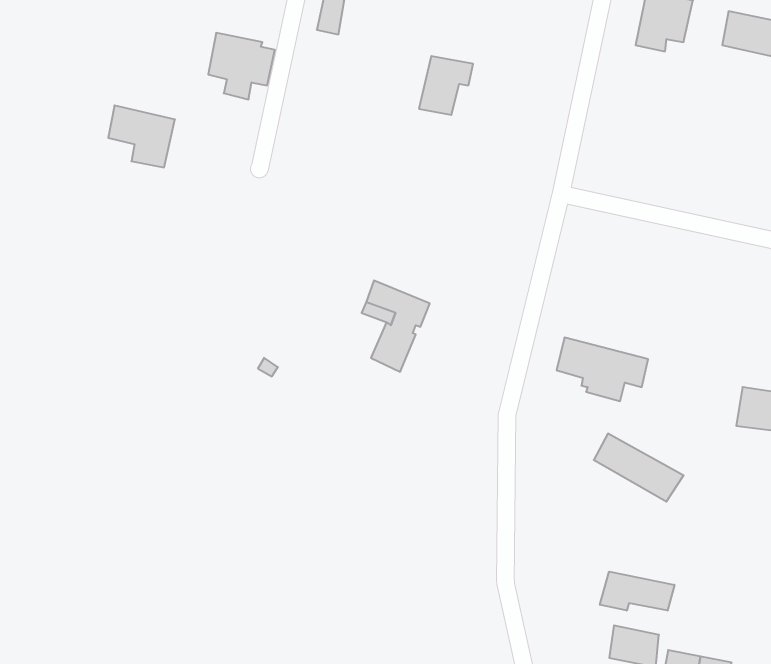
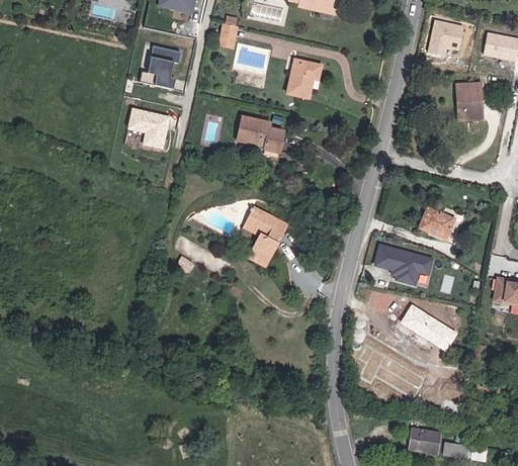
building: none -> [456,85,482,120]
building: [108,105,175,167] -> [127,107,171,148]
building: none -> [236,115,279,150]
building: none -> [419,208,453,239]
building: [600,572,674,611] -> none

